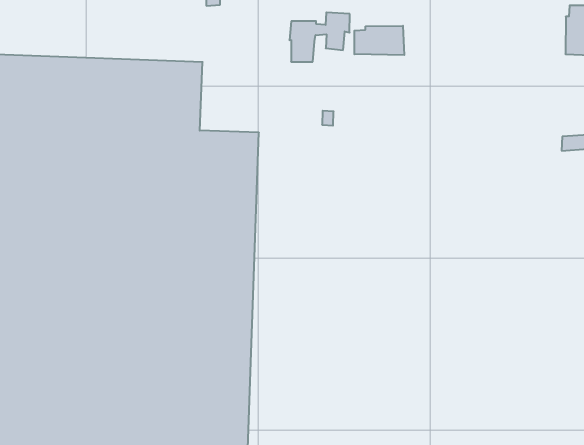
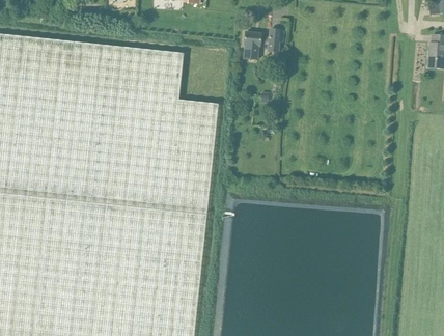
building: [354,26,404,55] -> none

